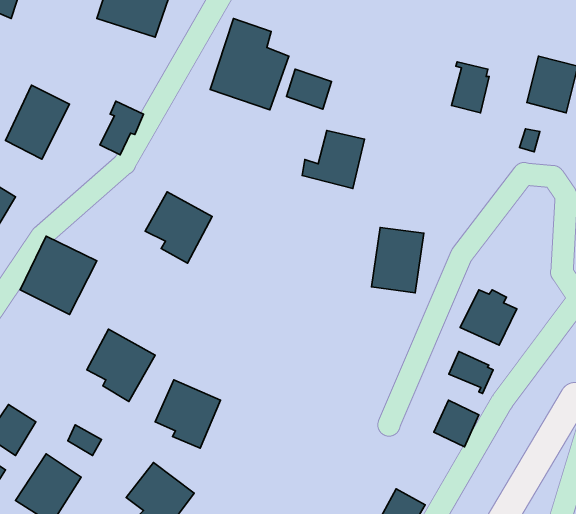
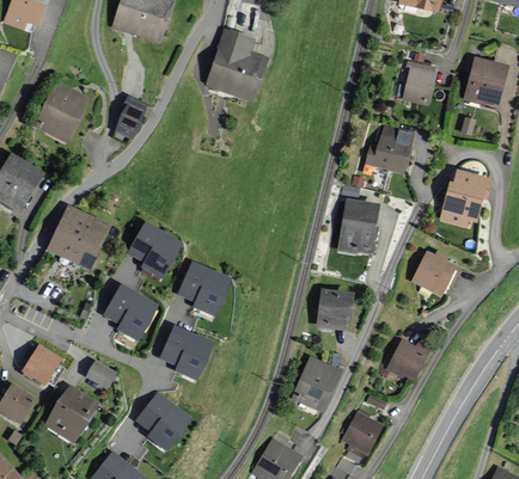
building: [287,69,331,109] -> none
building: [302,130,365,188] -> [365,125,416,173]
building: [145,192,212,263] -> [127,221,182,280]
building: none -> [440,171,490,227]
building: none -> [177,260,231,317]
building: none -> [315,289,353,331]
building: [449,352,493,393] -> none
building: none -> [292,357,342,411]

